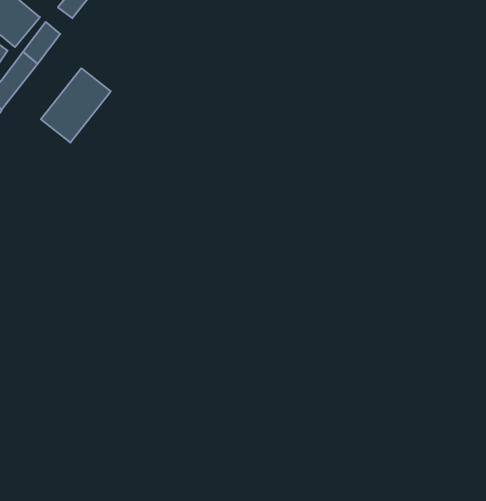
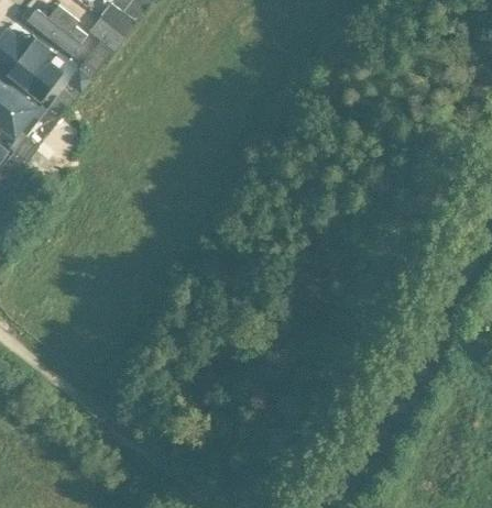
building: [41,68,111,143] -> none

